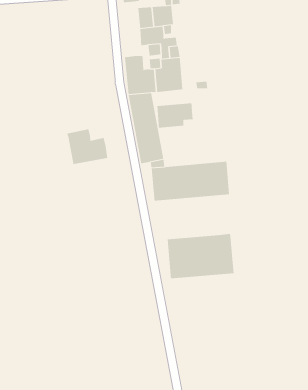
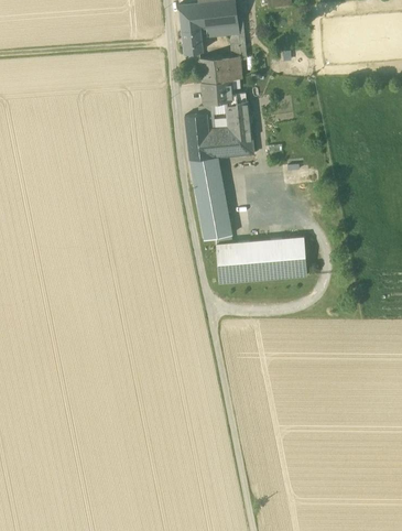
building: [157,102,193,129] -> none
building: [67,128,108,165] -> none
building: [167,233,234,279] -> none

